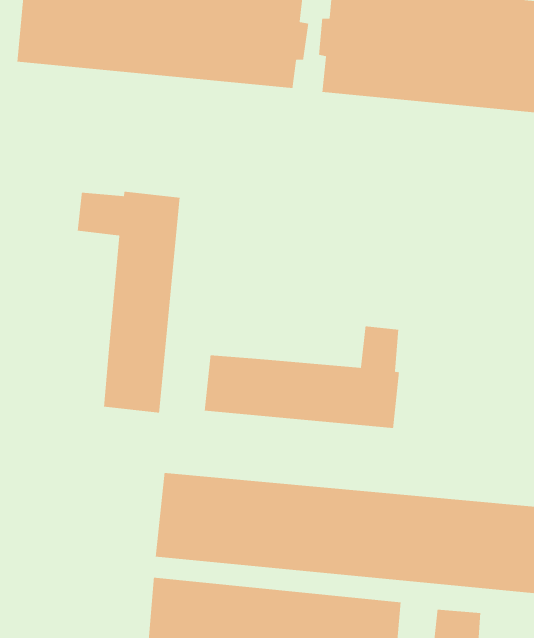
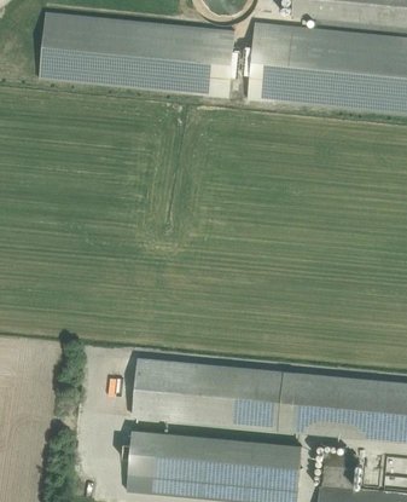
building: [77,191,180,414] -> none
building: [204,325,400,429] -> none

